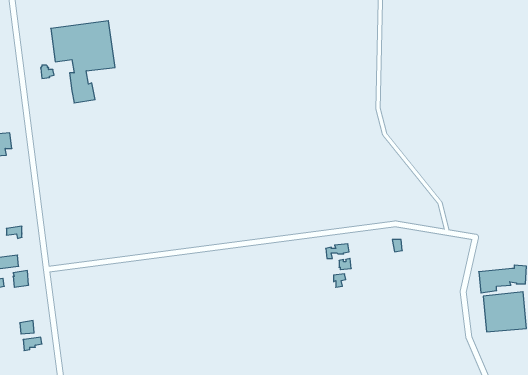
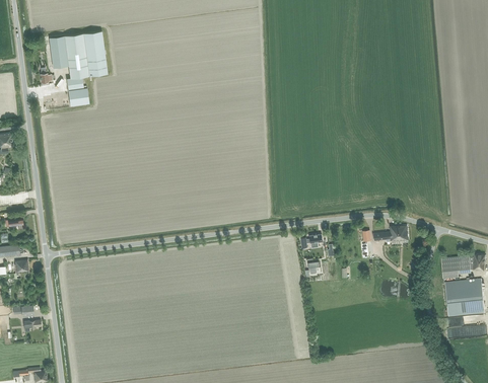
building: none -> [372,224,407,241]

